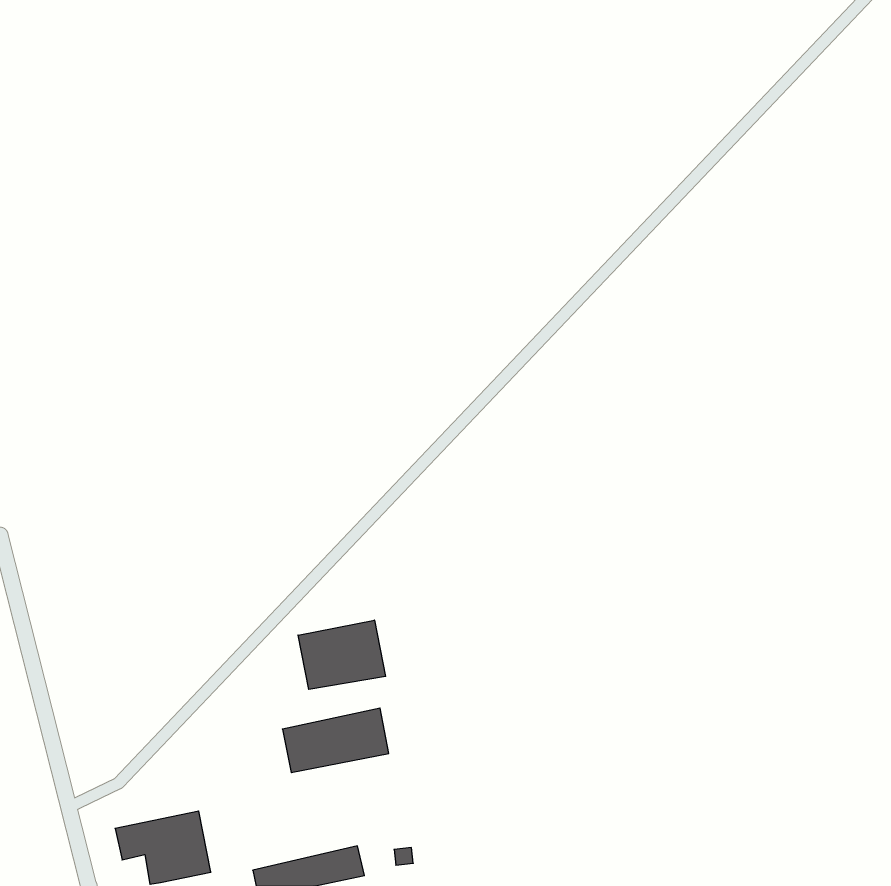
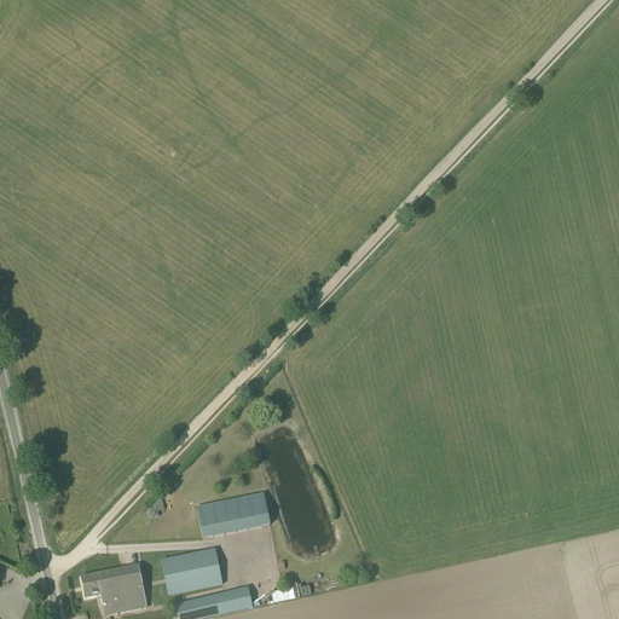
building: [298,620,386,689] -> none
building: none -> [161,546,221,594]

